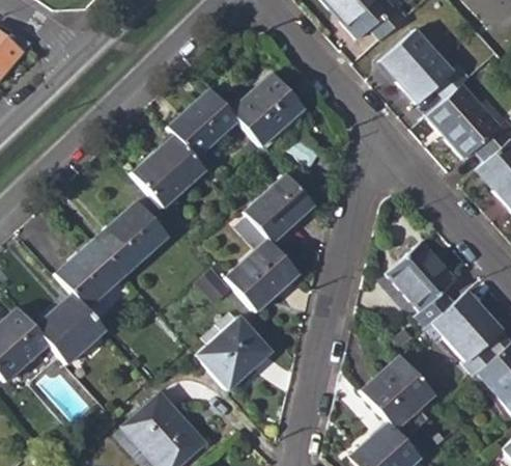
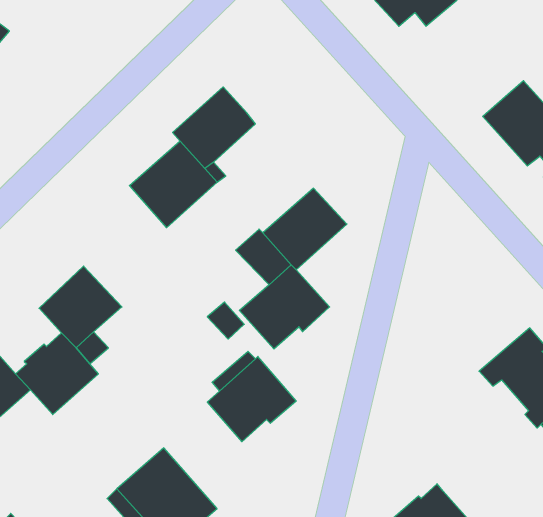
building: [382,29,470,105] -> none
building: [230,76,305,146] -> none
building: [93,204,168,274] -> none
building: [388,243,456,328] -> none
building: [360,359,433,429] -> none

